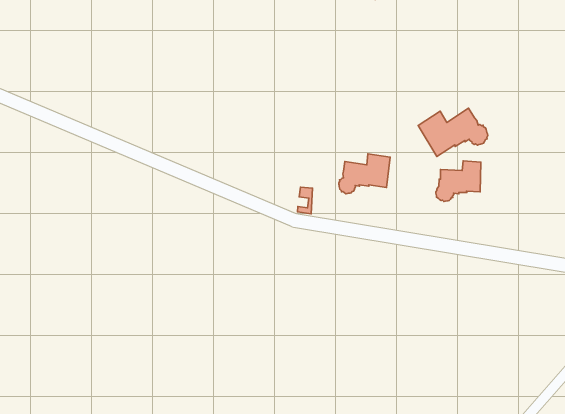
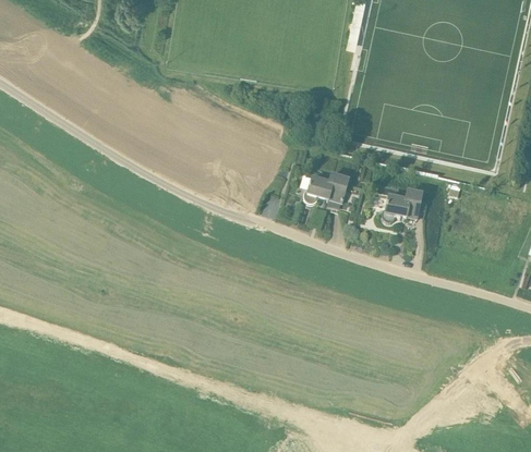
building: [418,108,488,157] -> none

